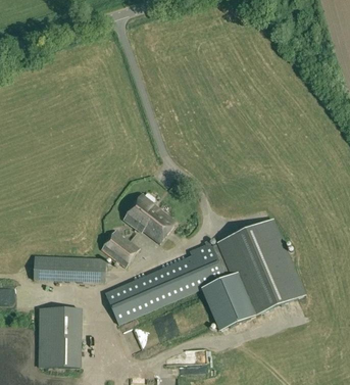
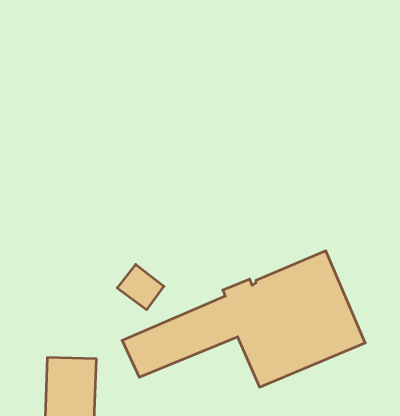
building: [122,192,176,243] -> none
building: [33,254,107,286] -> none

